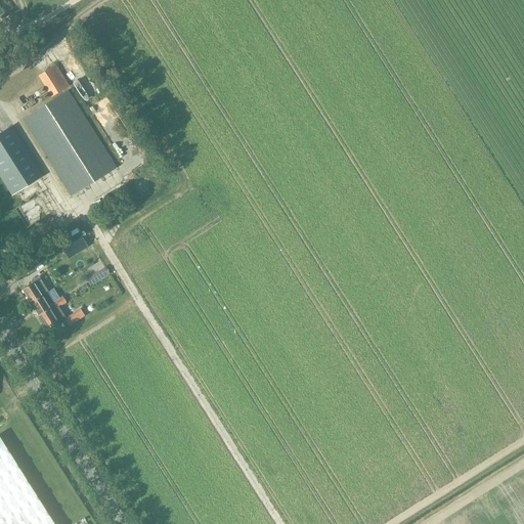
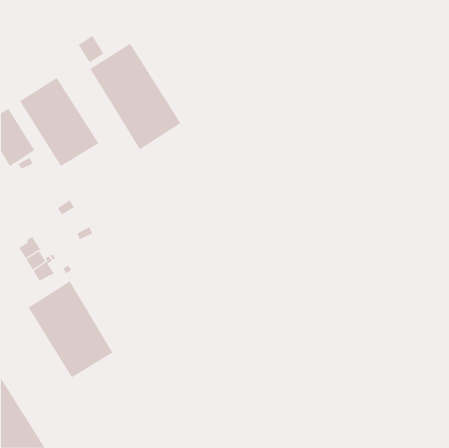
building: none -> [89,43,181,150]
building: [38,63,69,96] -> [78,35,104,63]
building: none -> [28,281,113,378]

